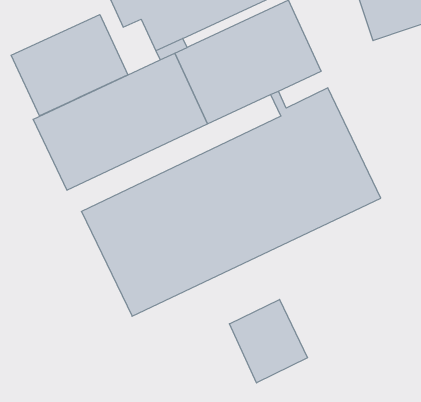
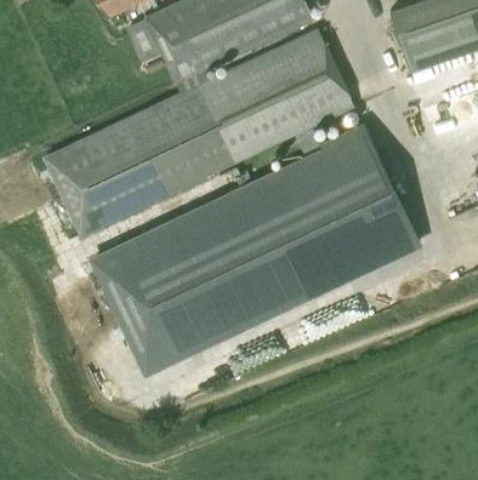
building: [11,15,128,116] -> none
building: [229,299,308,383] -> none

